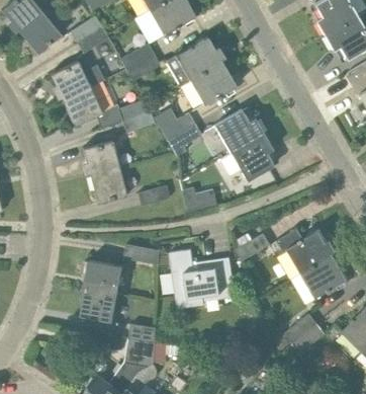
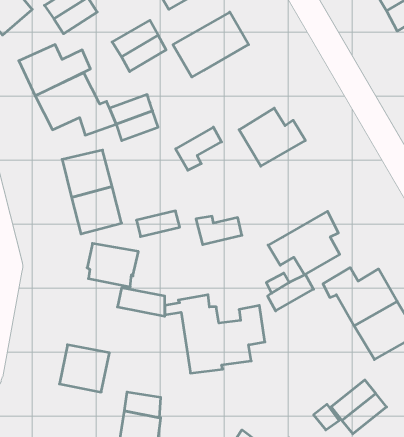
building: [188,62,236,105] -> none
building: [155,111,195,140] -> none
building: [219,134,273,181] -> [268,211,340,275]
building: [85,260,123,293] -> [87,243,138,287]

